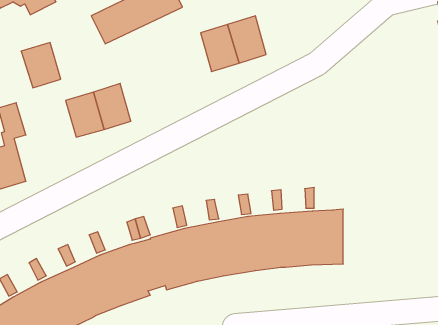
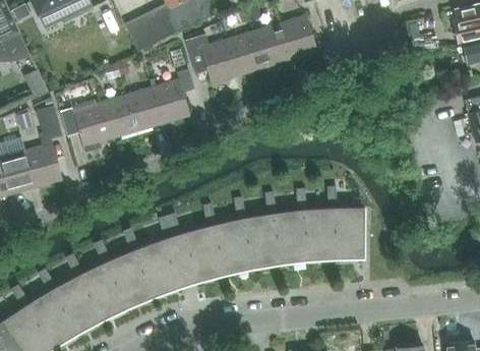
building: none -> [280,15,317,60]
building: none -> [184,34,238,84]
building: [21,43,61,88] -> [72,104,110,147]
building: none -> [152,69,194,124]

